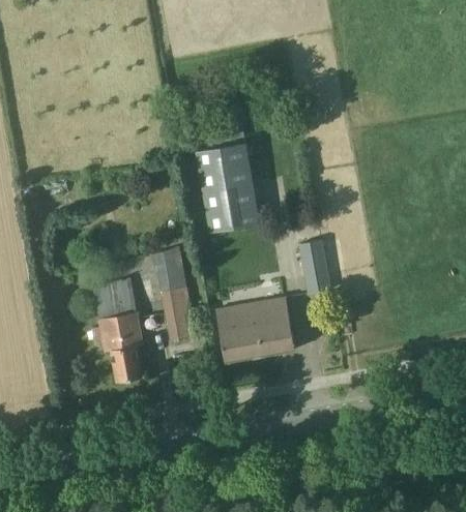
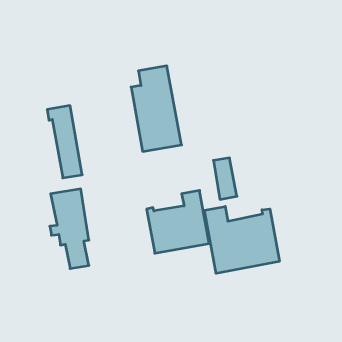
building: [150,248,195,340] -> [47,106,82,178]
building: none -> [204,206,279,273]

